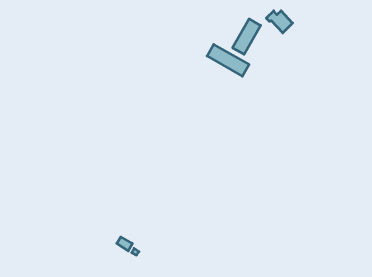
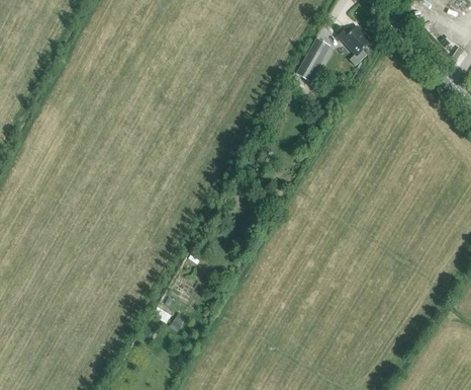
building: [207,44,249,76] -> none

